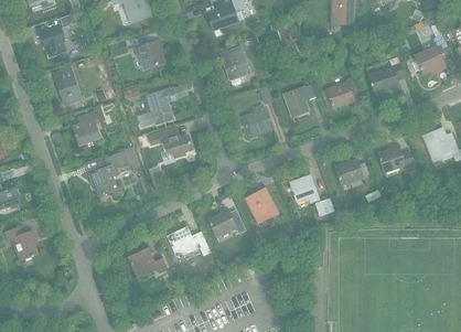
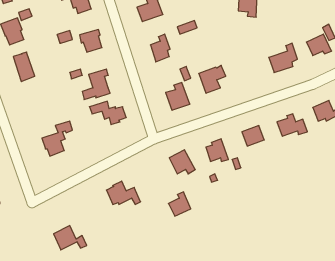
building: [325,76,358,108] -> none
building: [72,105,105,144] -> none
building: [208,206,236,236] -> [168,192,191,216]
building: [127,244,168,274] -> [54,226,87,250]

